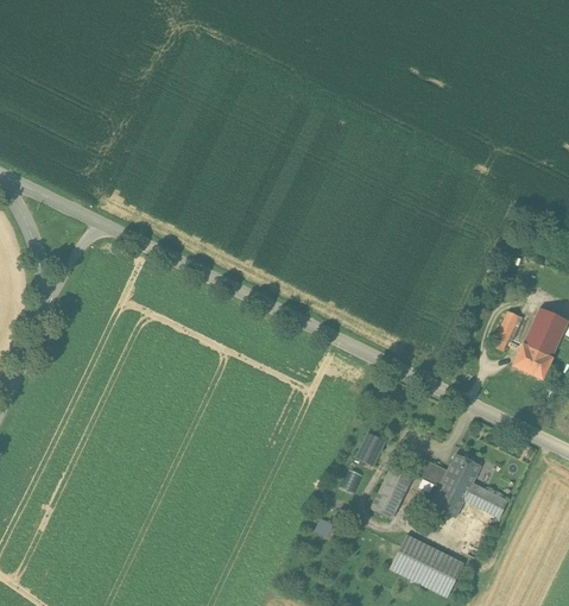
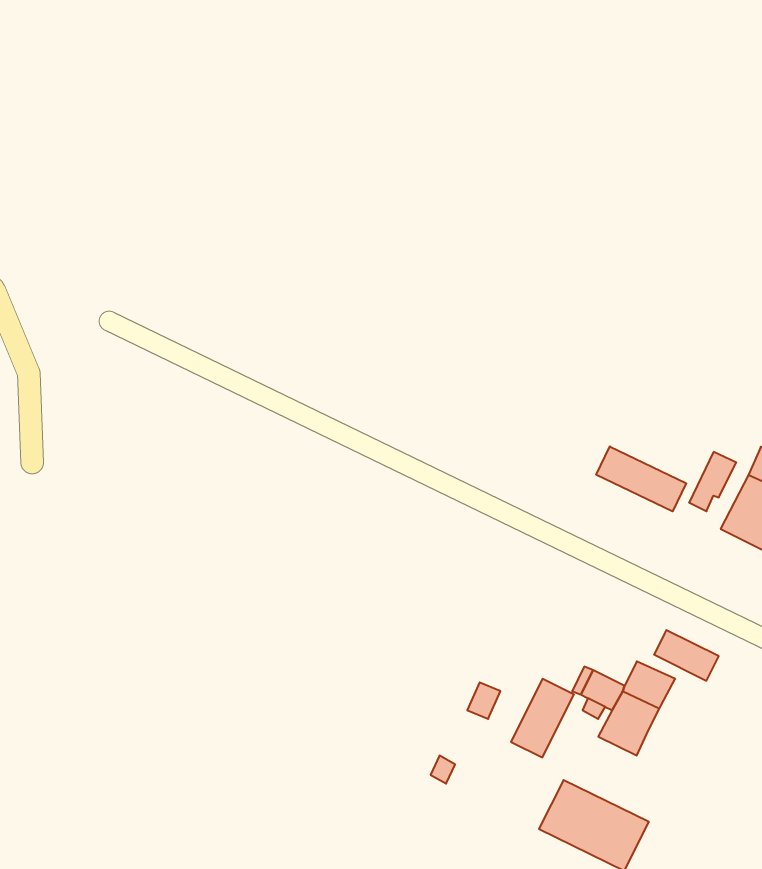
building: none -> [596,446,686,511]
building: [356,433,386,466] -> none
building: [464,484,508,518] -> [654,630,719,681]

